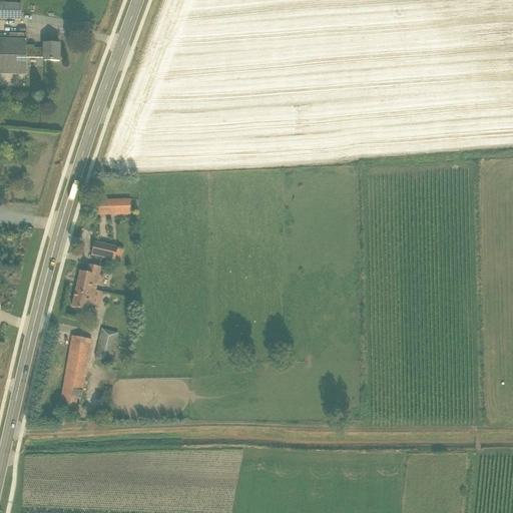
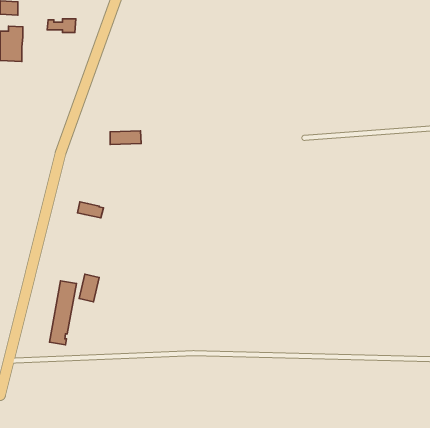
building: [26,43,60,59] -> [47,19,76,32]
building: [94,197,131,213] -> [110,131,141,144]
building: [72,264,102,309] -> none

